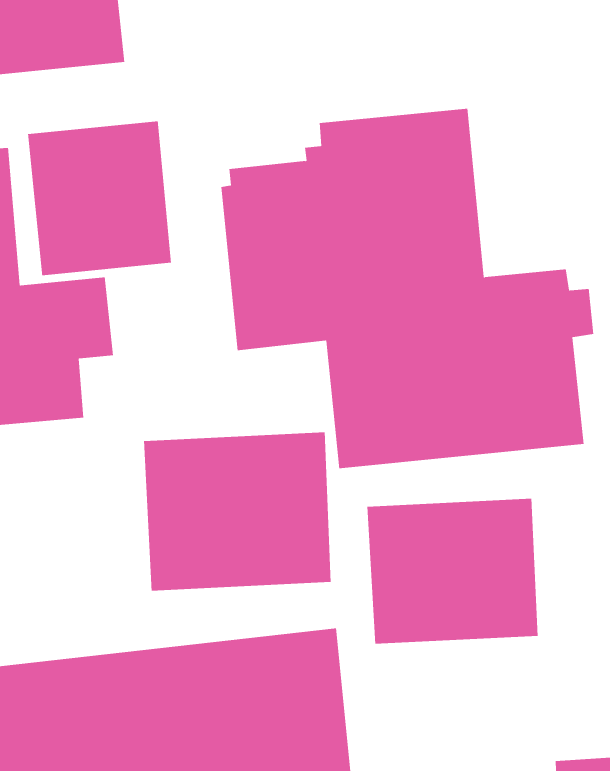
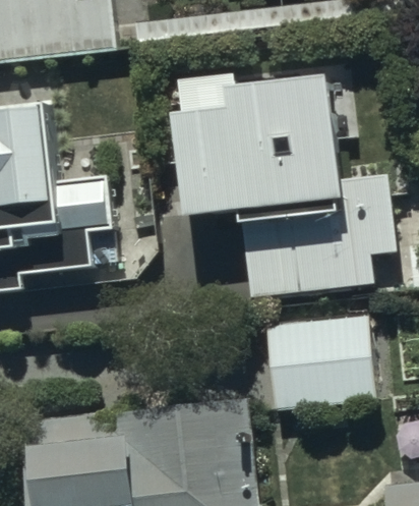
building: [27,120,171,276] -> none
building: [143,431,331,591] -> none

